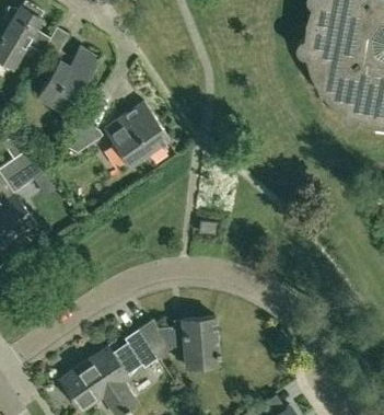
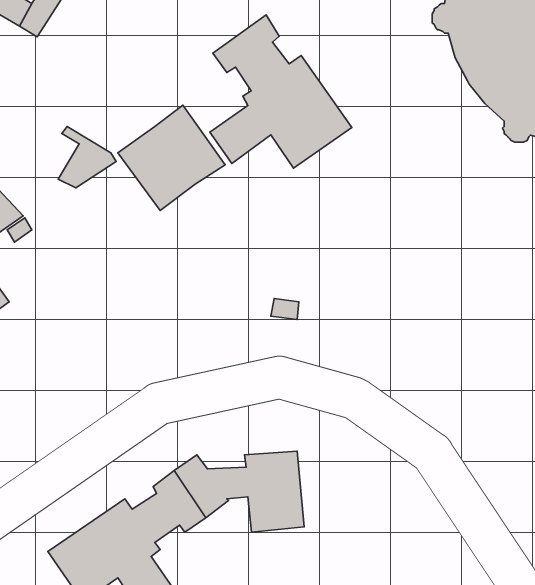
building: none -> [210,15,352,168]
building: [36,46,100,113] -> none

